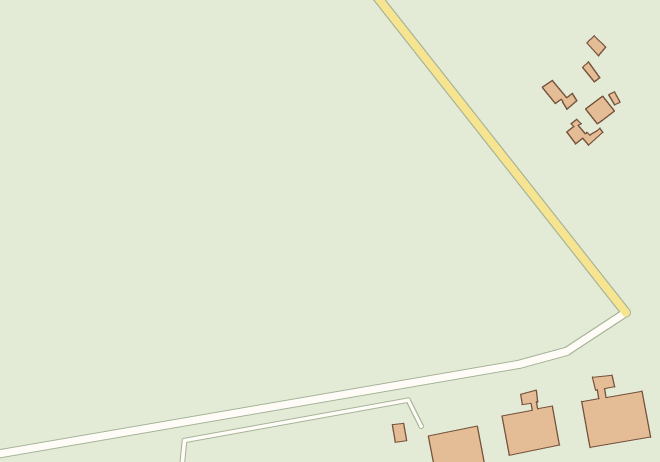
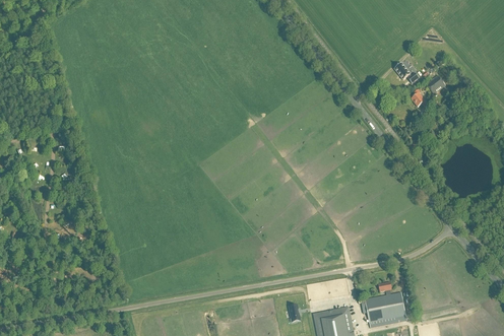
building: [582,375,650,448] -> none

